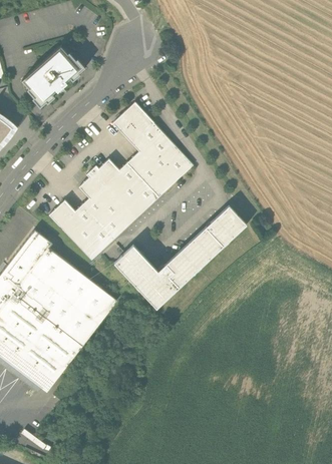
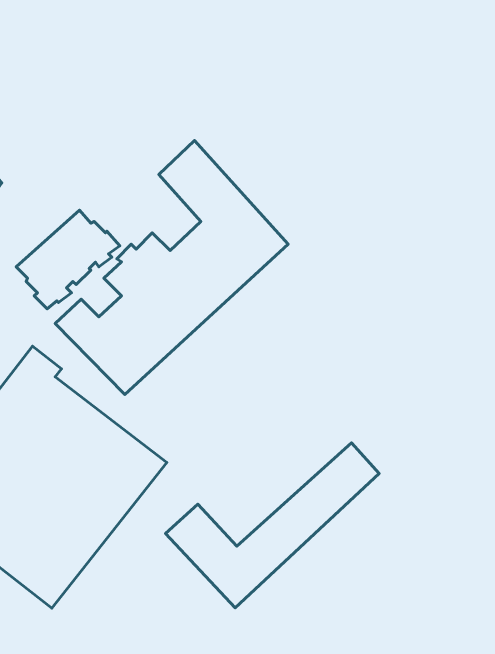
building: [21,46,85,107] -> [16,210,120,309]
building: [113,206,246,309] -> [165,443,379,608]

